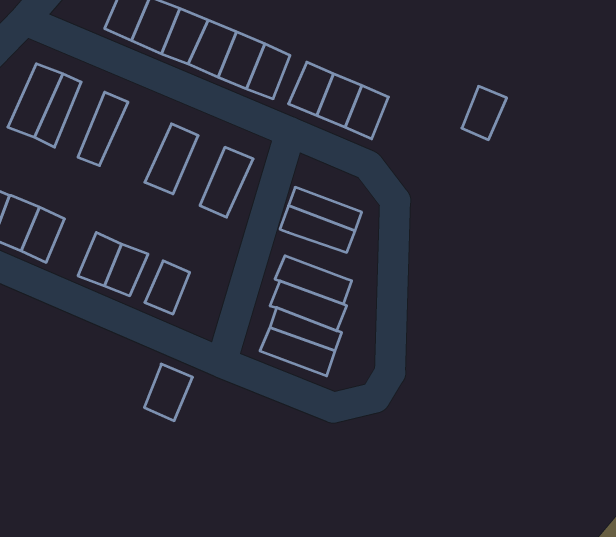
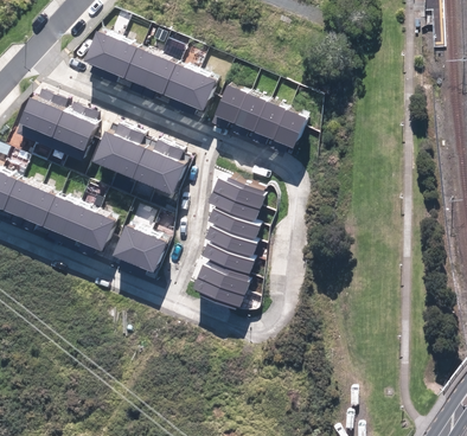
building: none -> [49,100,84,153]
building: [462,86,507,140] -> [274,110,306,148]
building: none -> [92,121,132,171]
building: none -> [133,137,169,187]
building: none -> [43,197,78,237]
building: none -> [209,206,262,239]
building: [144,364,193,421] -> [133,233,167,274]

